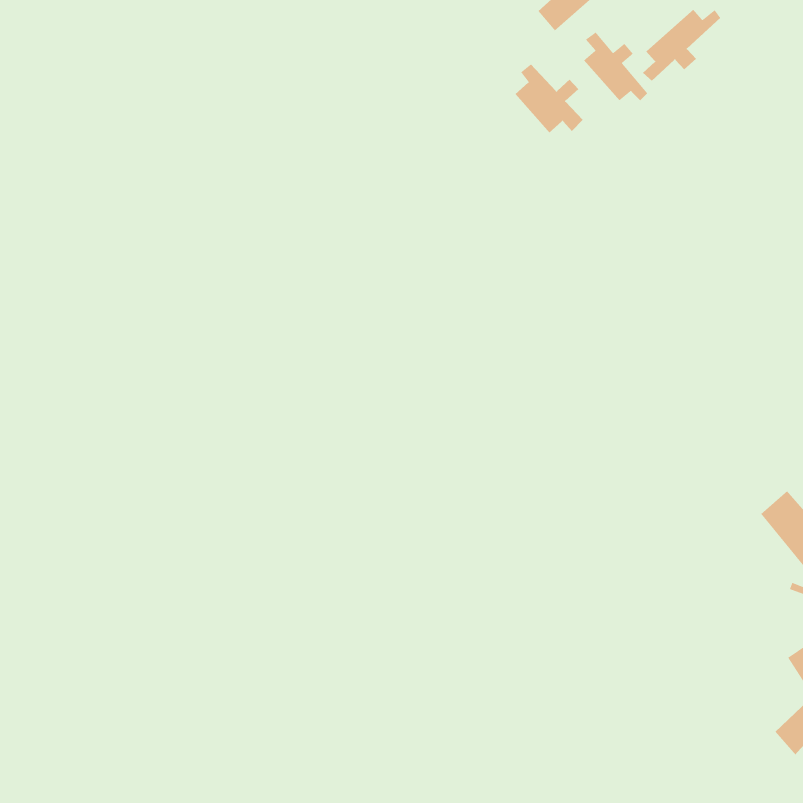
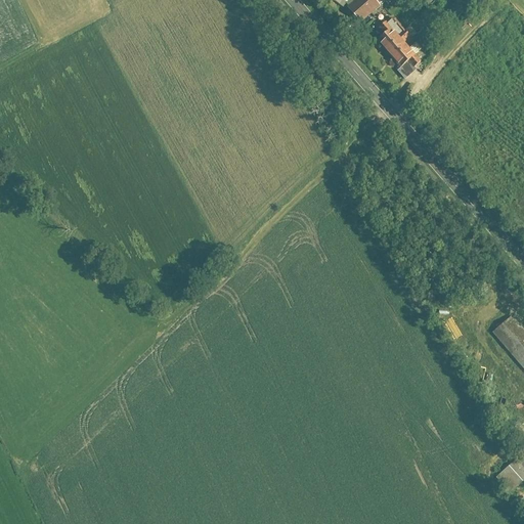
building: [642,9,721,81] -> none
building: [515,64,583,134] -> none

